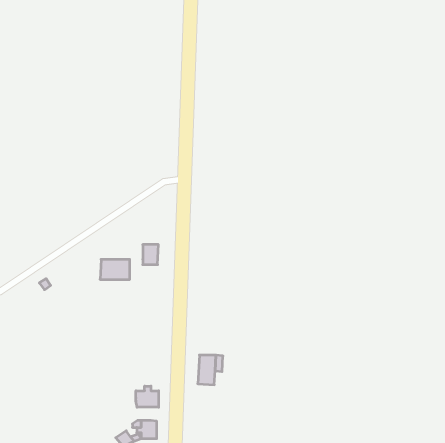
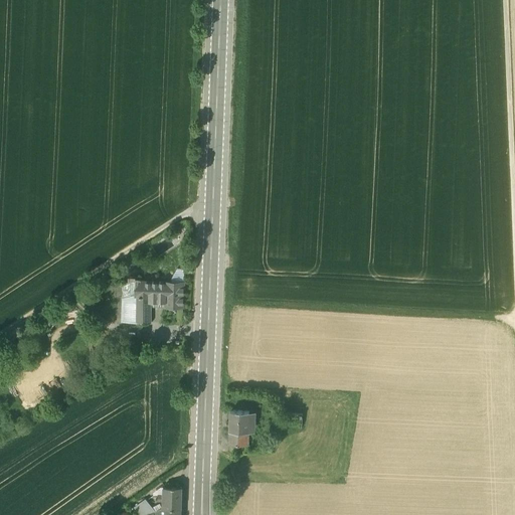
building: none -> [137,284,165,302]
building: [136,386,159,407] -> none

